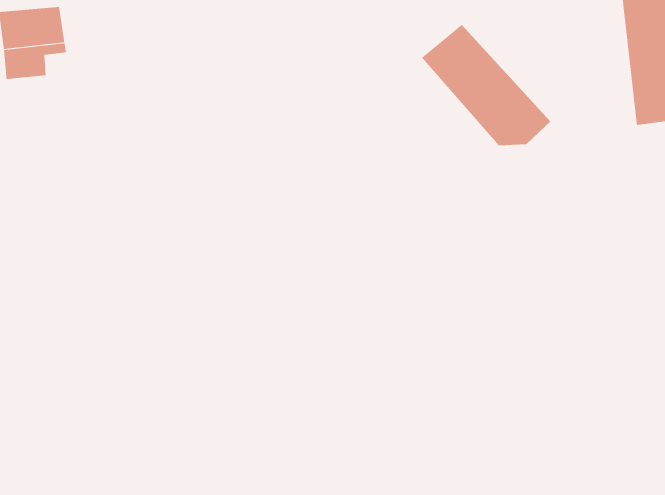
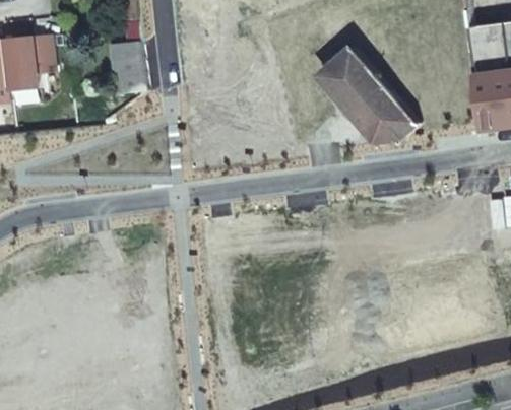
building: none -> [110,42,145,91]

